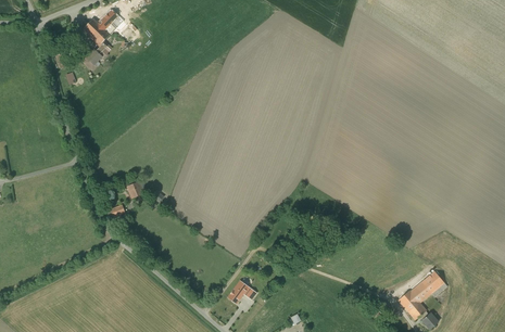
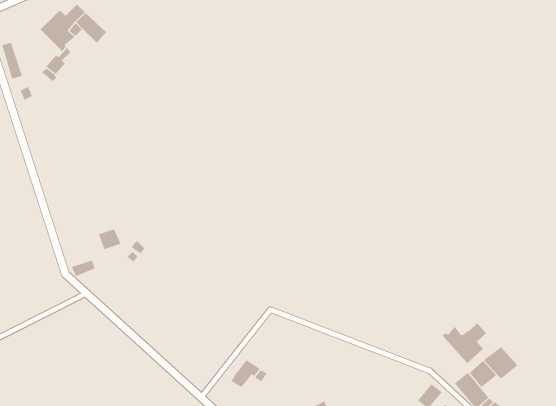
building: none -> [441,323,487,364]

